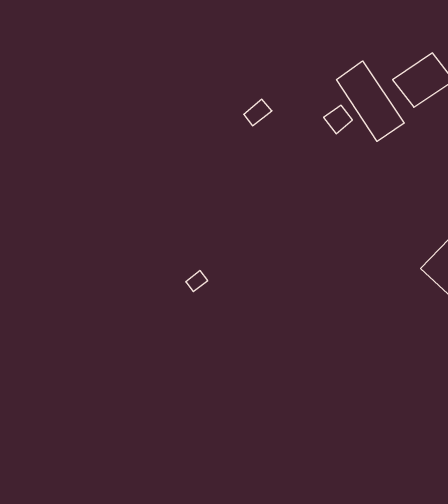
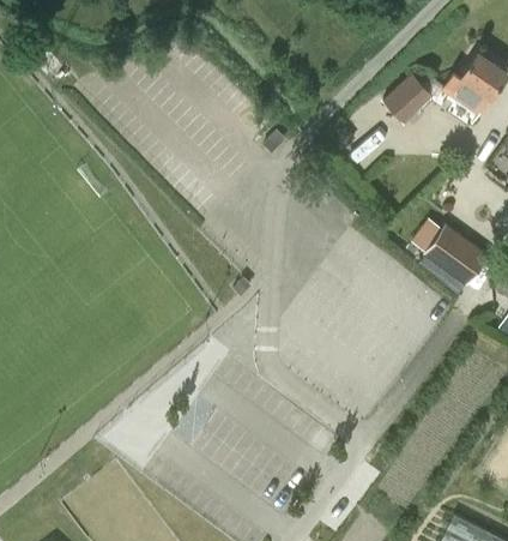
building: [337,61,404,141] -> none

